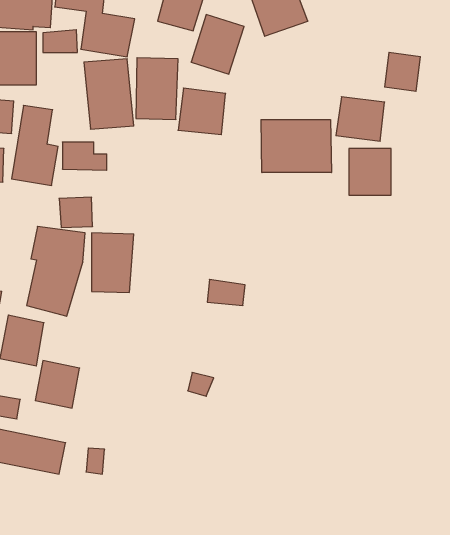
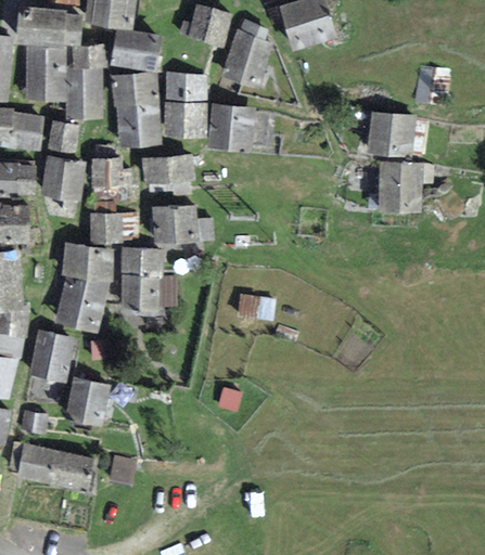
building: none -> [67,67,102,117]
building: [261,120,331,173] -> none
building: none -> [141,154,193,183]
building: none -> [152,205,197,243]

